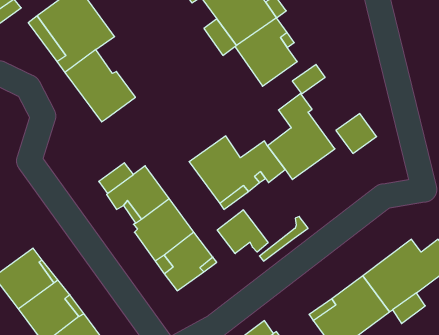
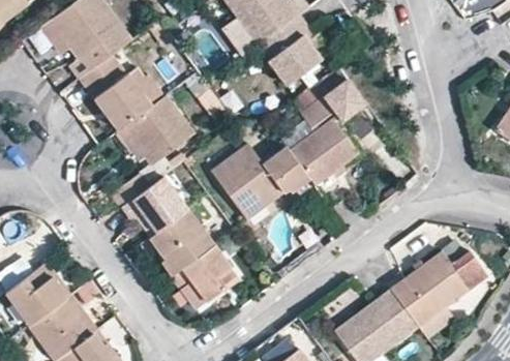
building: none -> [121,93,193,166]
building: [336,114,377,153] -> [325,83,367,124]
building: [217,210,268,254] -> none

